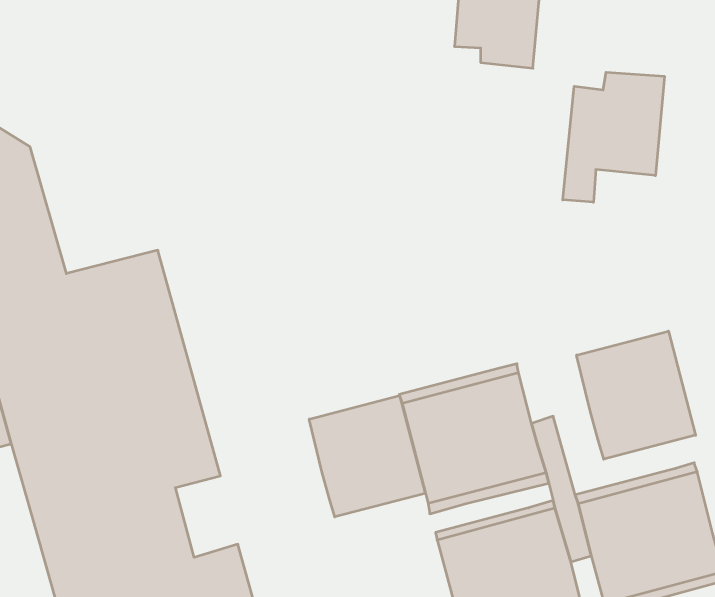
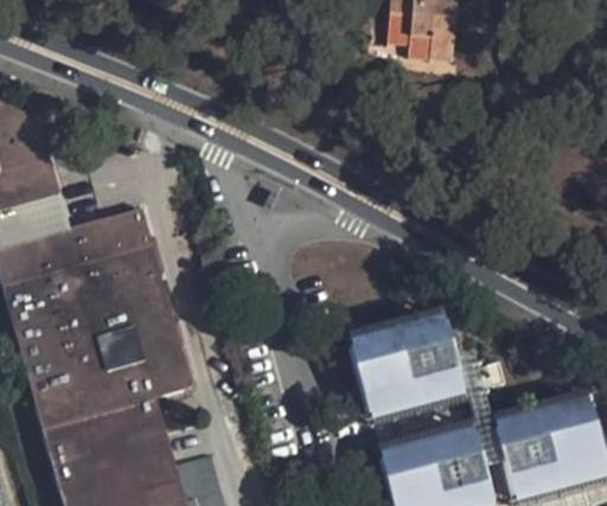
building: [563,72,664,202] -> none
building: [577,331,696,459] -> none
building: [309,395,425,517] -> none

